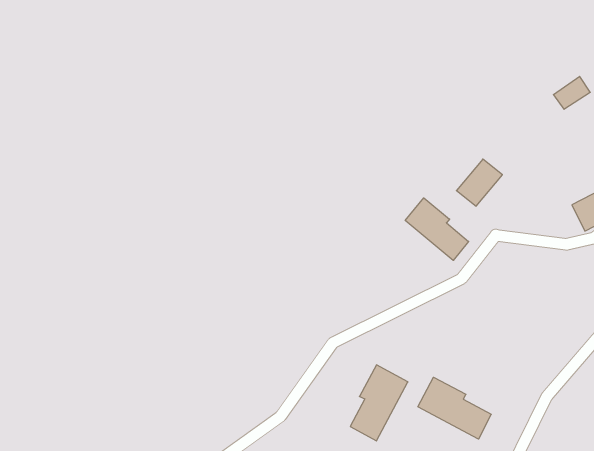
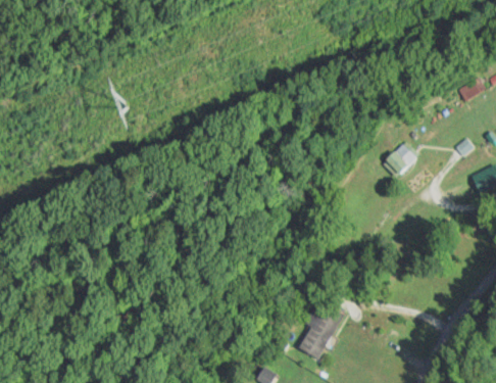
building: [405,198,469,260] -> none
building: [418,377,491,439] -> none

